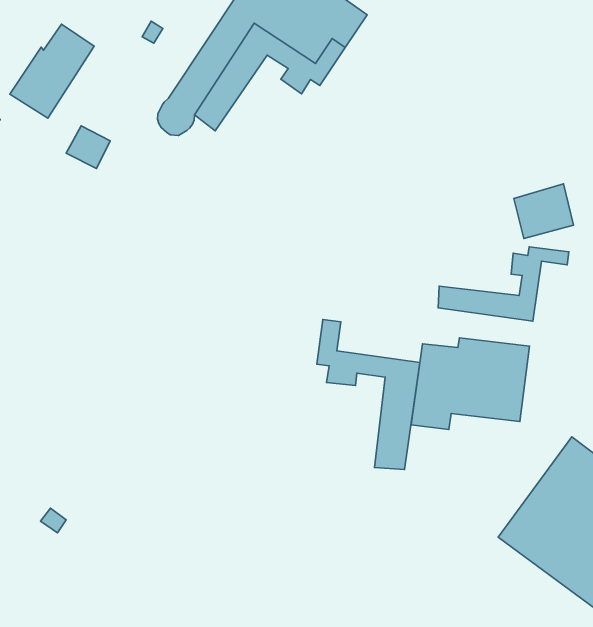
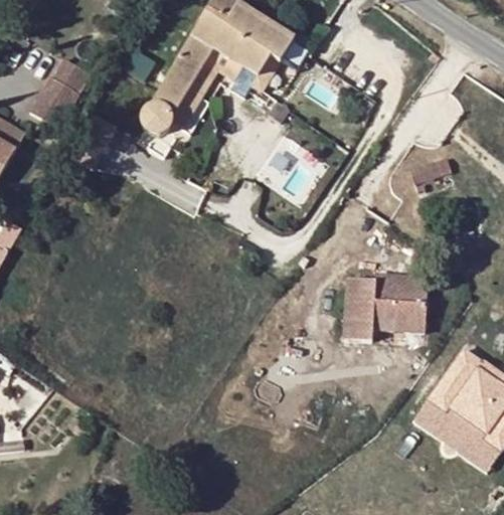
building: [438,247,569,321] -> none
building: [317,320,420,469] -> none

